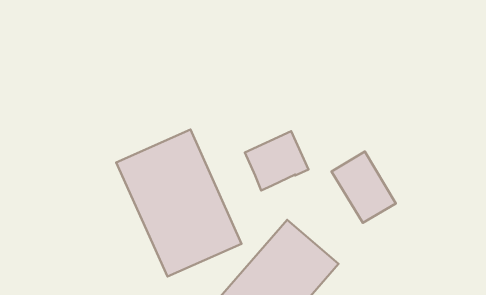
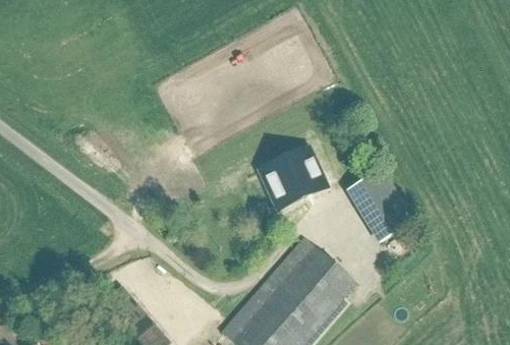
building: [116,130,242,277] -> none

